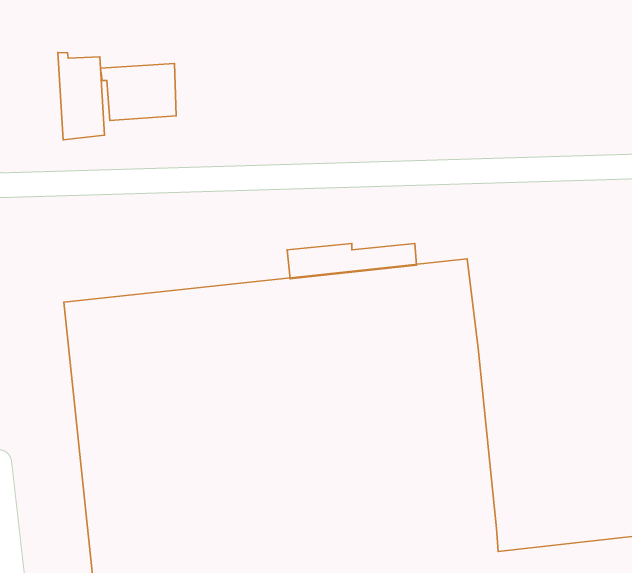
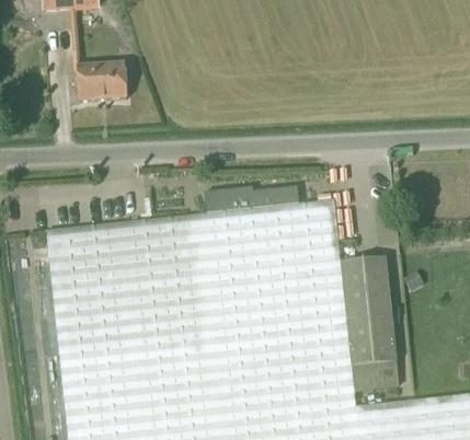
building: [58,52,105,140] -> none
building: none -> [341,262,401,395]

